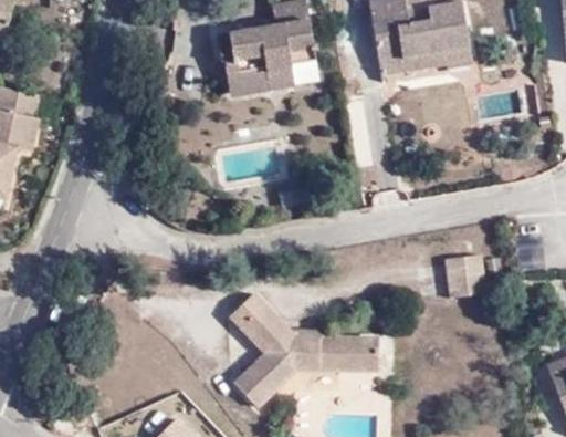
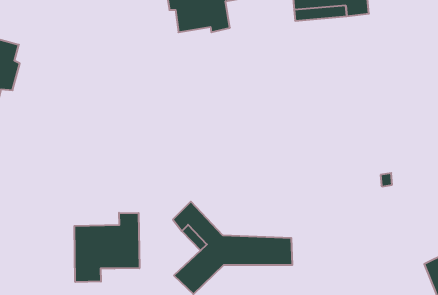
building: [440,256,480,296] -> none
building: none -> [74,213,139,282]

